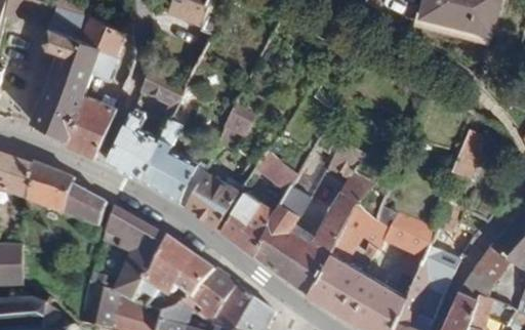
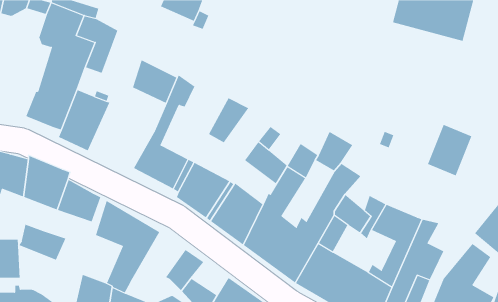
building: [107,105,162,174] -> none
building: none -> [19,224,66,261]
building: [138,240,194,299] -> none

